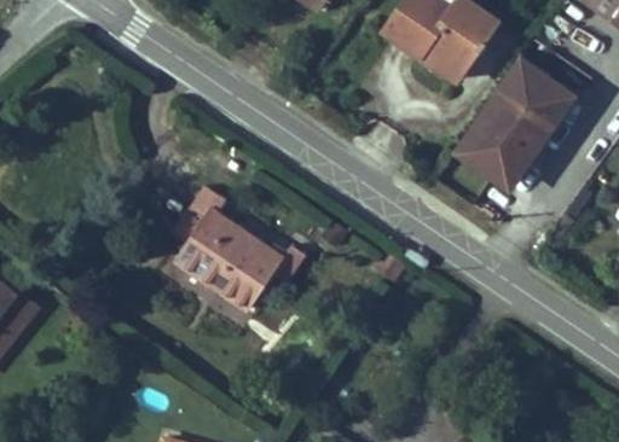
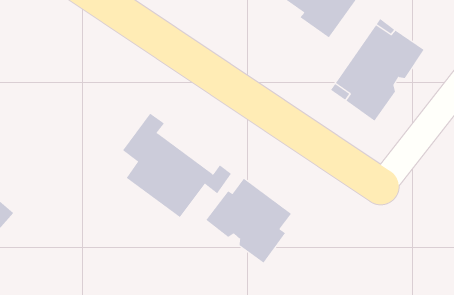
building: none -> [206,178,292,263]

